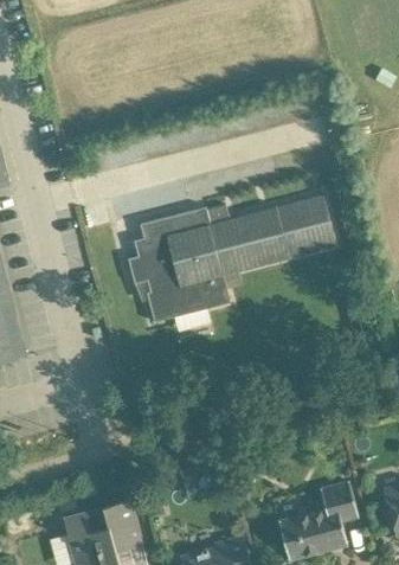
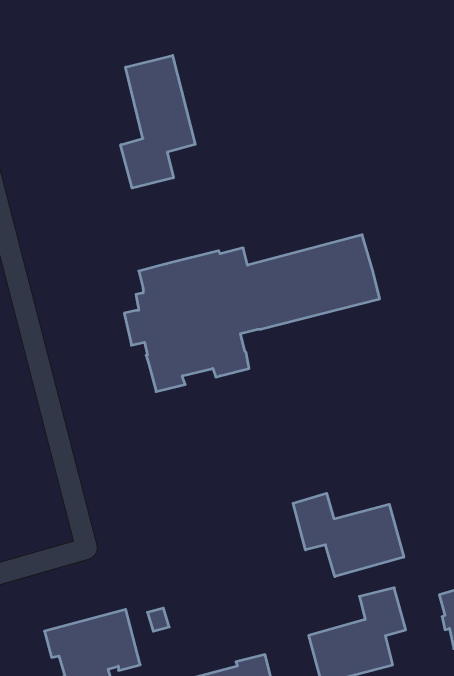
building: none -> [121,55,195,188]
building: none -> [293,493,404,577]

